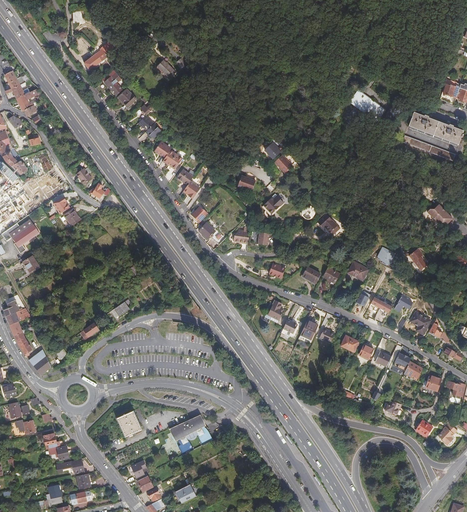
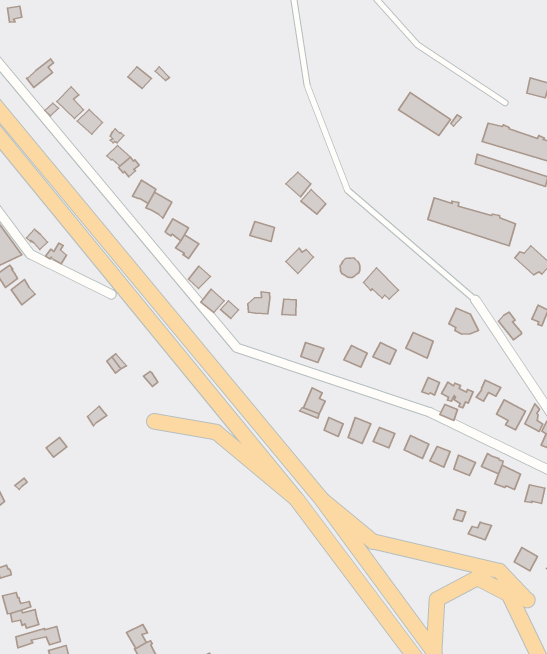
building: none -> [428,198,516,246]
building: [118,410,144,437] -> none
building: [171,414,215,455] -> none

